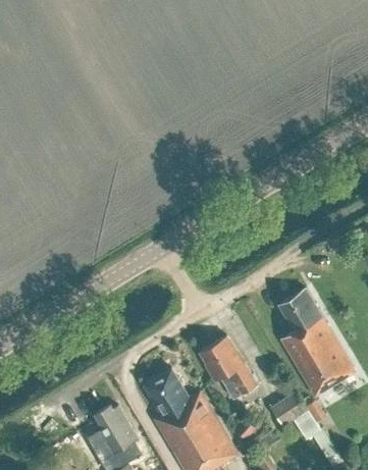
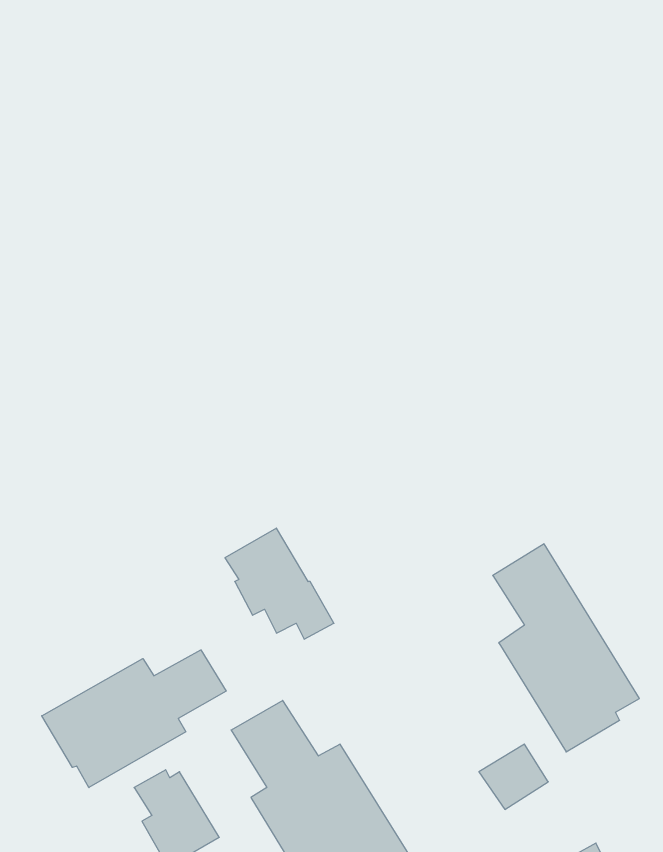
building: [199,336,255,394] -> [225,528,334,639]
building: none -> [42,650,226,788]

